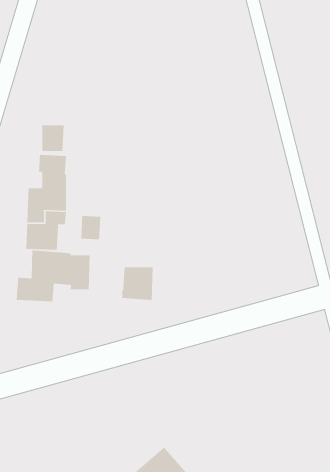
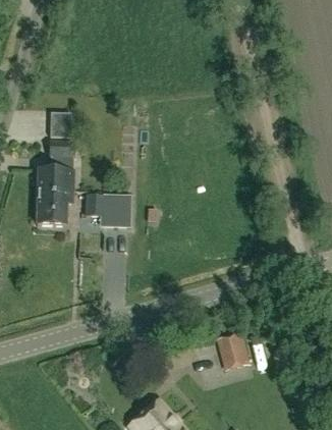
building: [16,250,91,302] -> none
building: [122,267,154,301] -> [102,196,130,226]
building: none -> [219,334,248,366]

